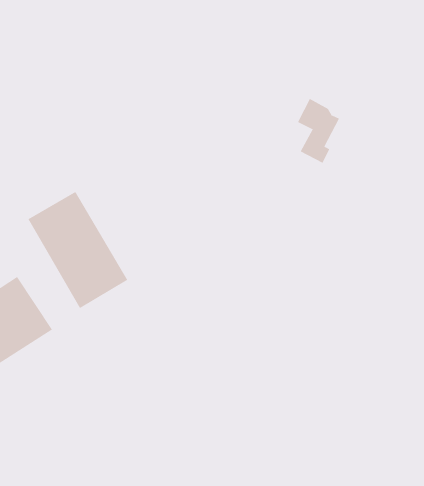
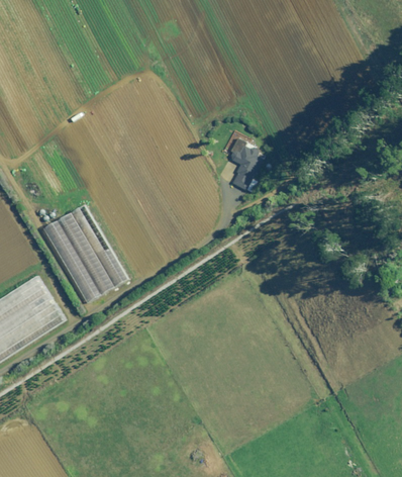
building: [297,98,340,164] -> [228,137,264,192]

